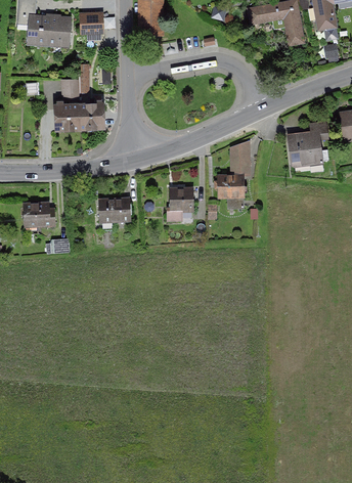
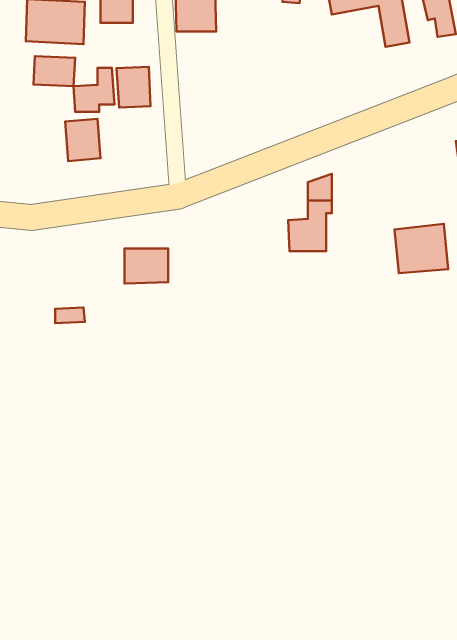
building: none -> [34,56,75,86]
building: [79,100,103,130] -> [116,67,150,108]
building: [285,131,324,167] -> [395,224,448,273]
building: [168,185,195,211] -> none
building: [23,202,55,230] -> none

